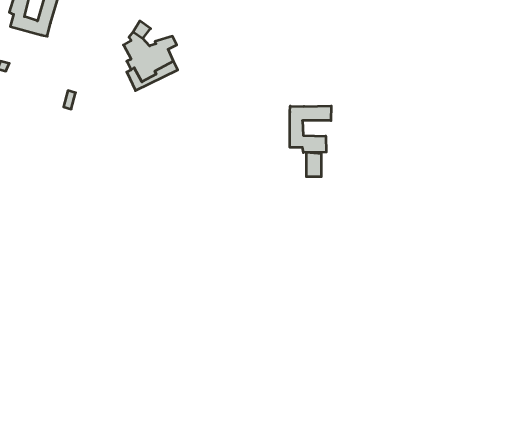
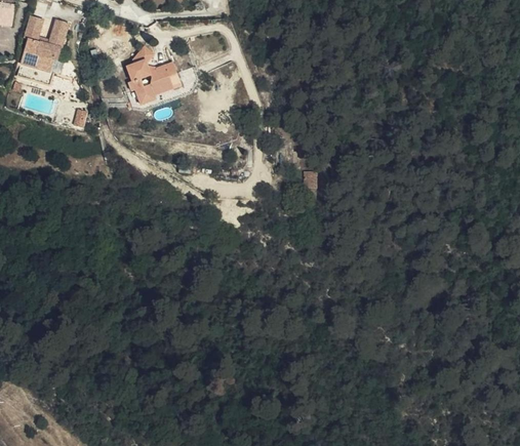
building: none -> [19,48,53,71]
building: [290,106,331,153] -> none

